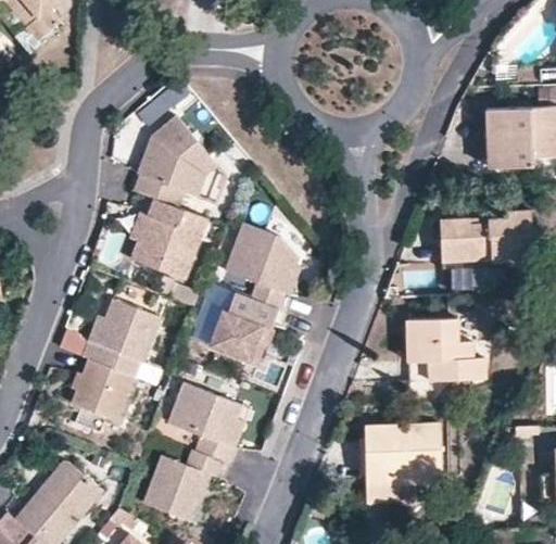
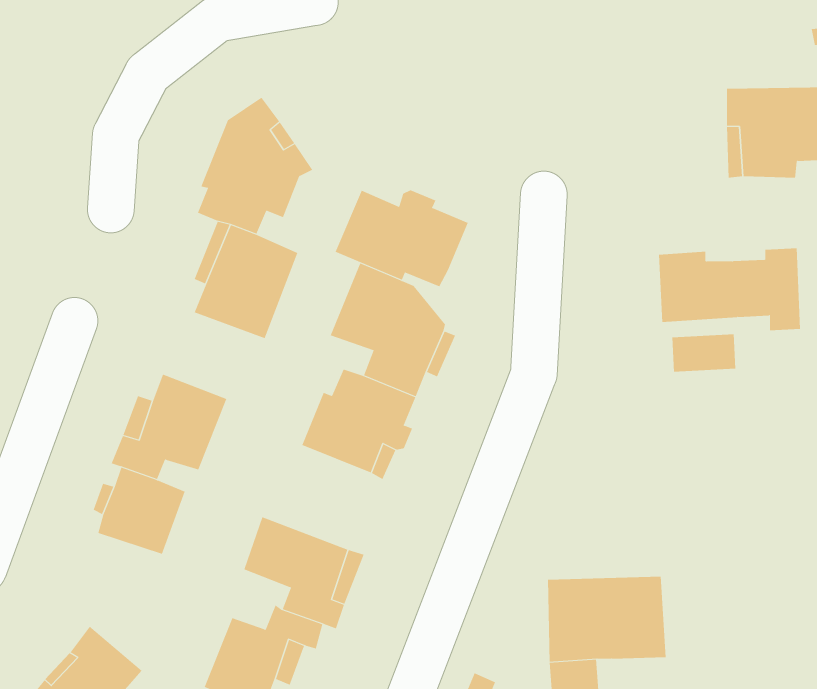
building: none -> [335,190,469,287]
building: [407,322,486,382] -> none

